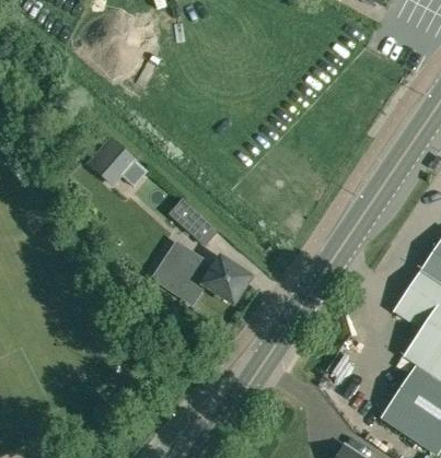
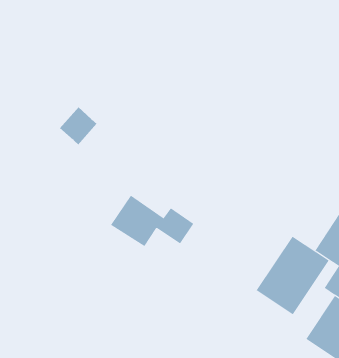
building: [171,201,217,246] -> none
building: none -> [256,236,329,315]

